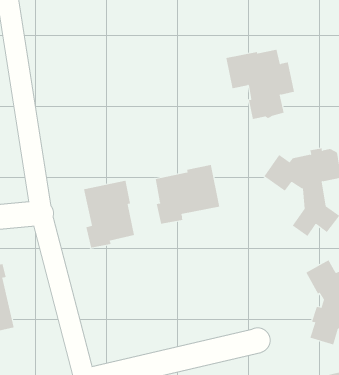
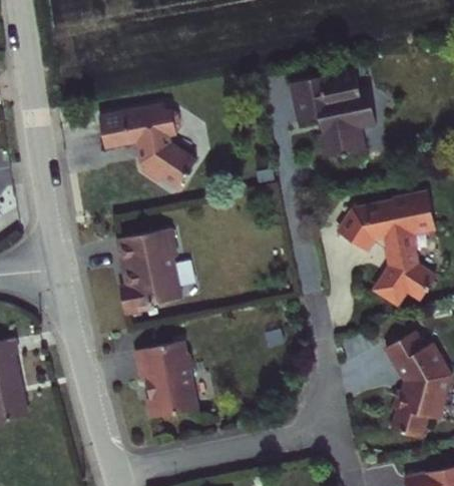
building: none -> [101,104,199,191]
building: [155,164,220,224] -> none
building: none -> [135,339,197,419]

